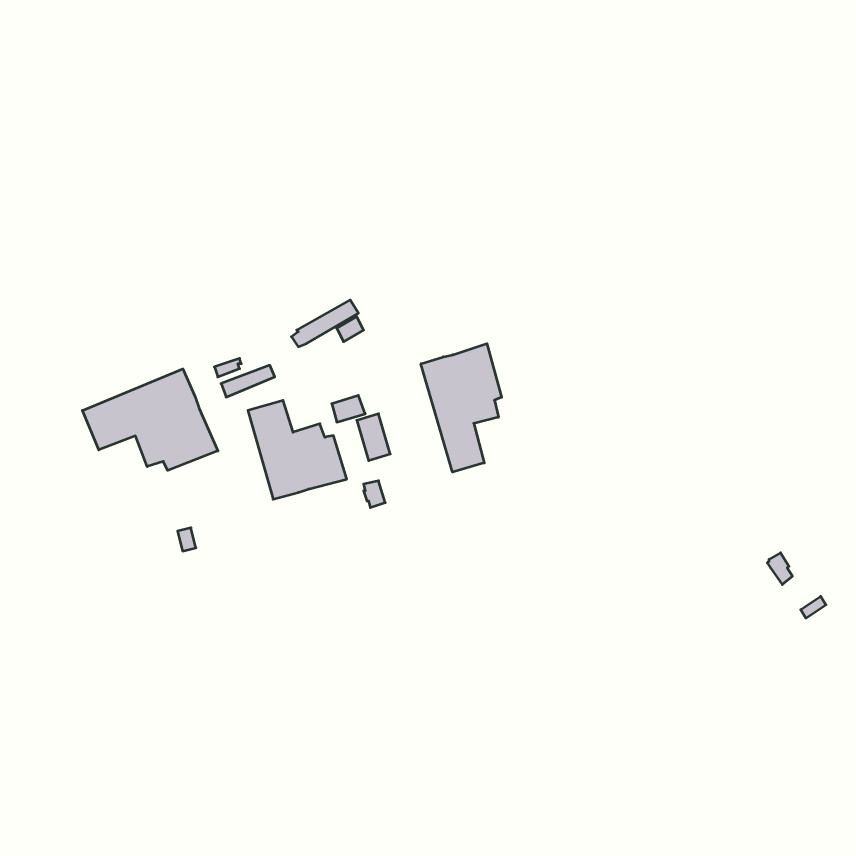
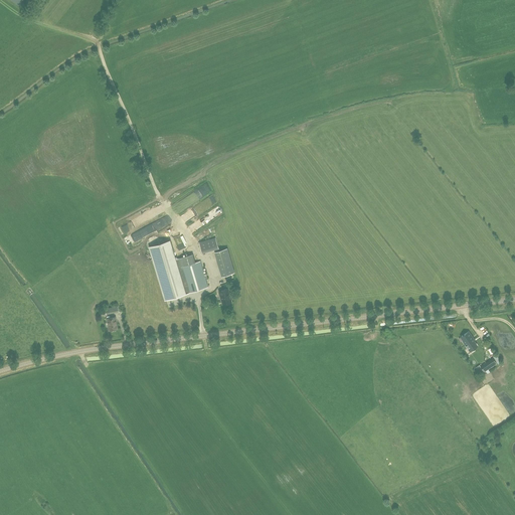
building: [421,344,502,472] -> none
building: [82,369,218,470] -> none

